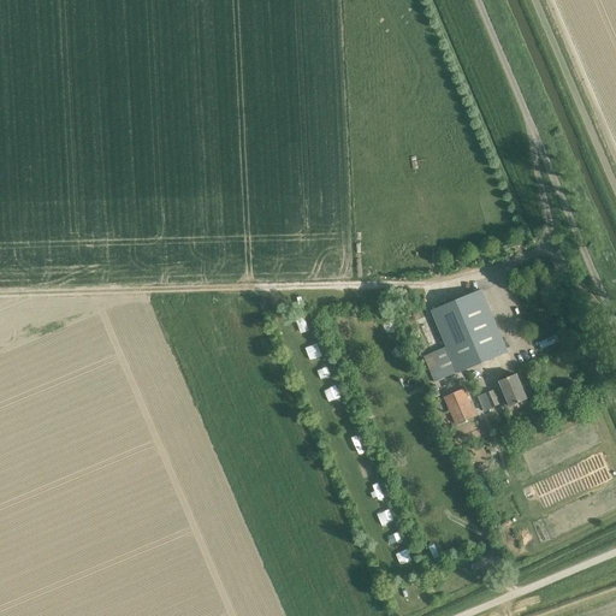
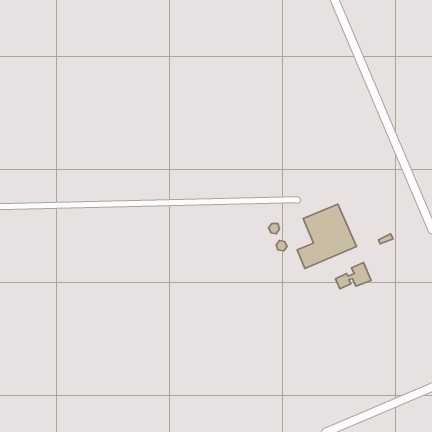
building: [443,387,475,424] -> none

